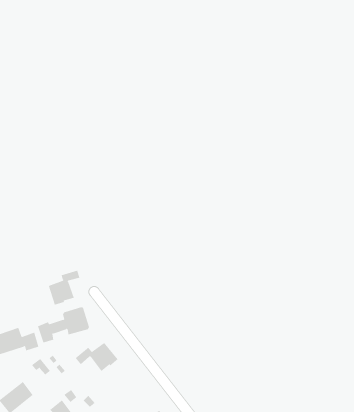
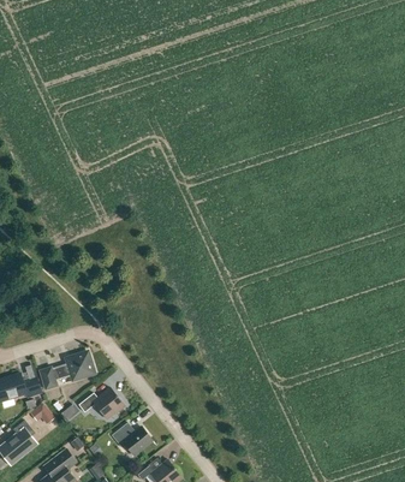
building: [48,270,80,305] -> none
building: none -> [112,422,153,453]

